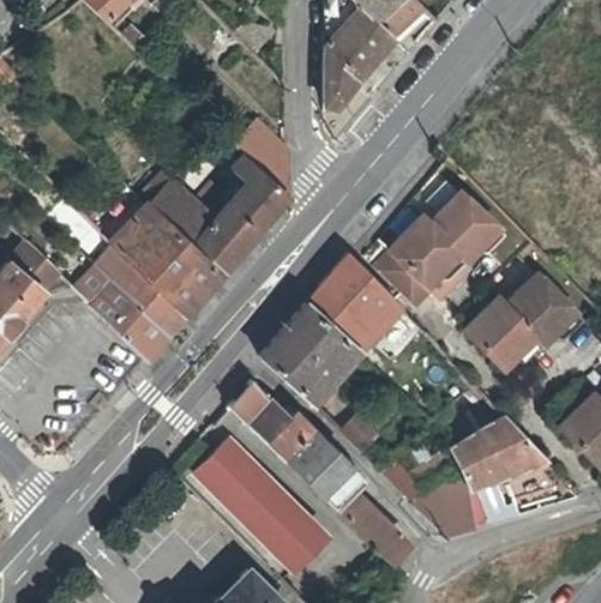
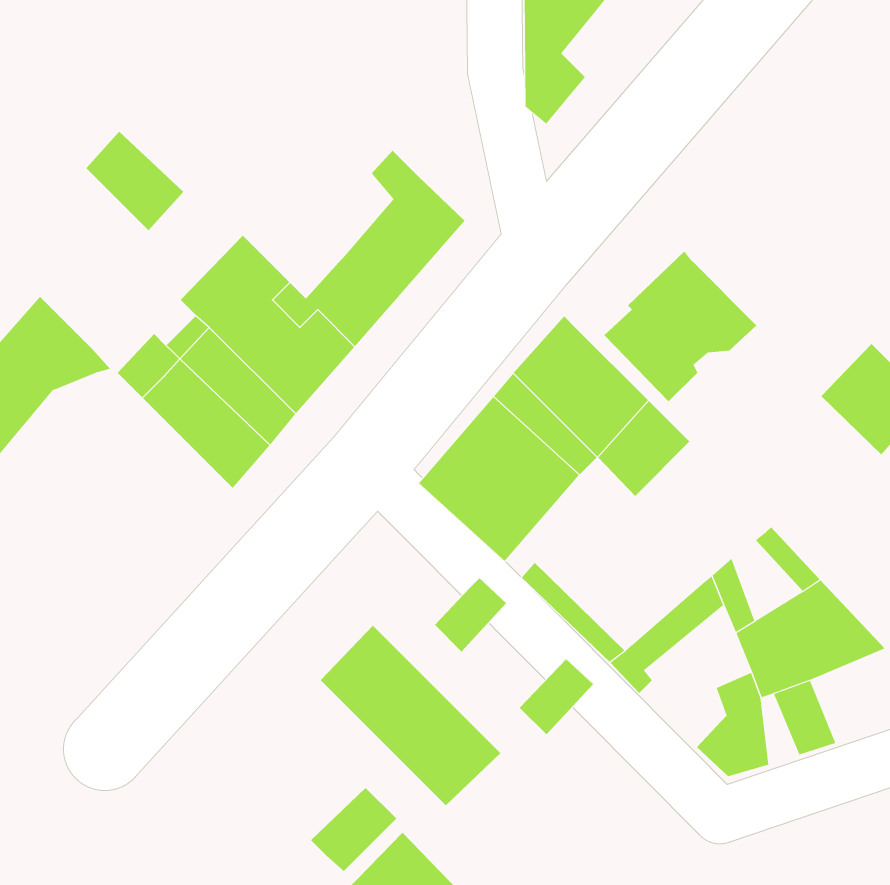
building: [238,120,290,197] -> none
building: [155,182,215,243] -> [86,131,184,231]
building: [428,191,505,260] -> none
building: [468,296,541,363] -> none
building: [235,381,293,442] -> none
building: [288,429,351,493] -> none
building: [339,492,410,562] -> none
building: [278,520,331,572] -> [310,787,397,872]

